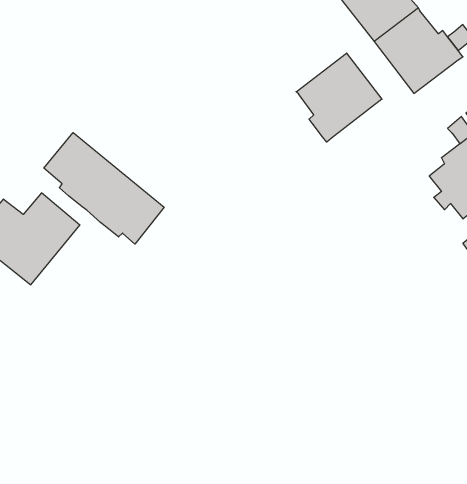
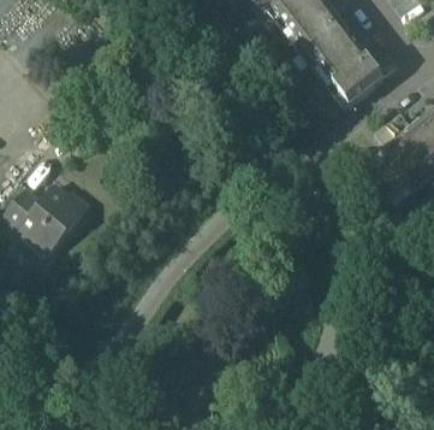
building: [296,53,382,142] -> none
building: [44,133,164,244] -> none

